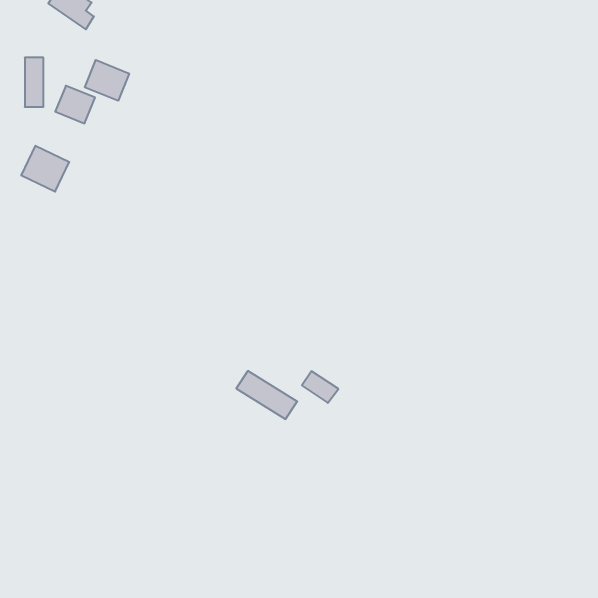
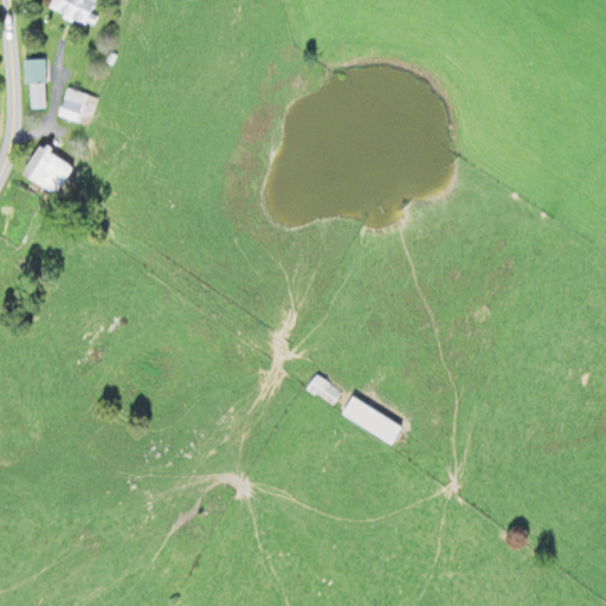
building: [85,60,129,101] -> none
building: [236,371,297,419] -> [341,397,402,445]

